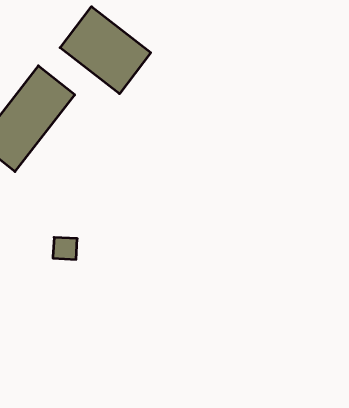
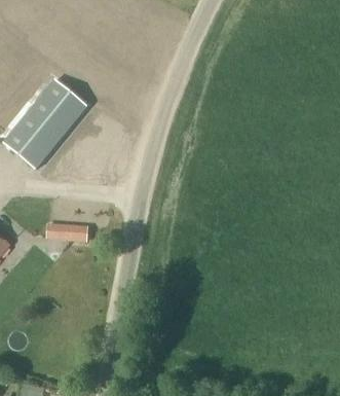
building: [60,7,151,94] -> none

